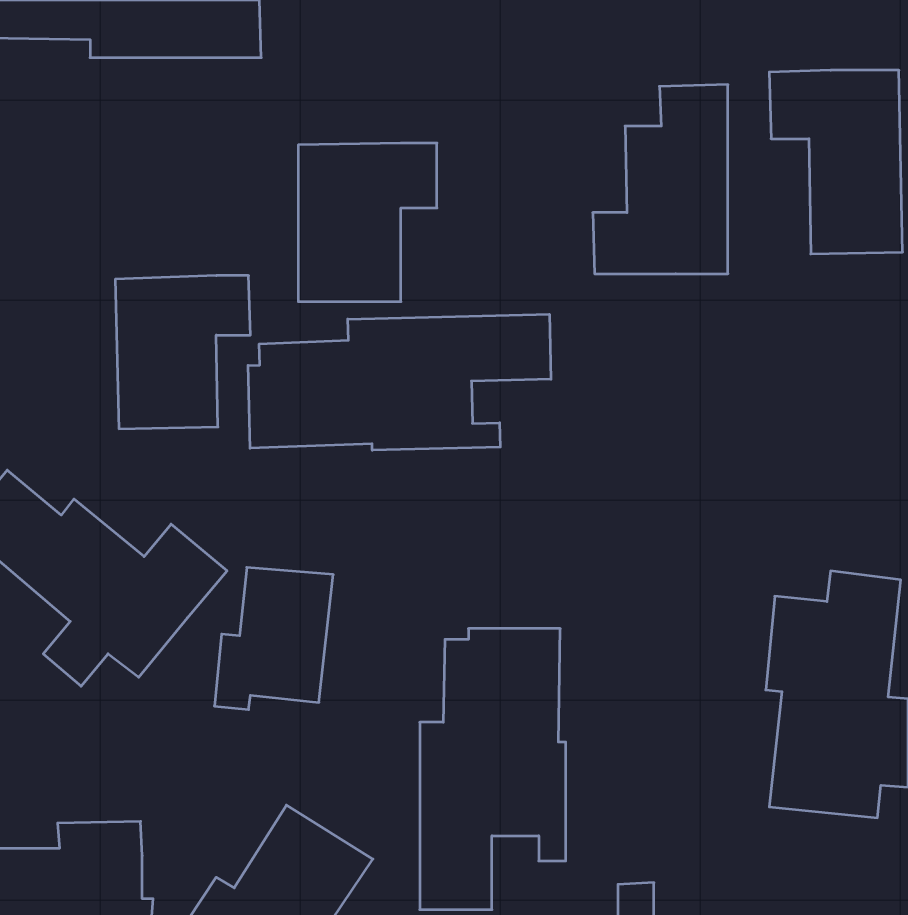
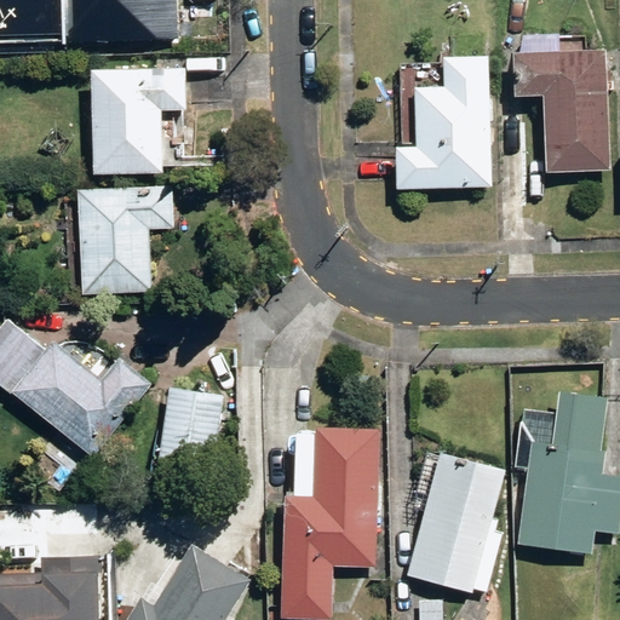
building: [298,143,437,302] -> [93,67,186,173]
building: [248,314,551,450] -> none
building: none -> [407,447,504,595]

